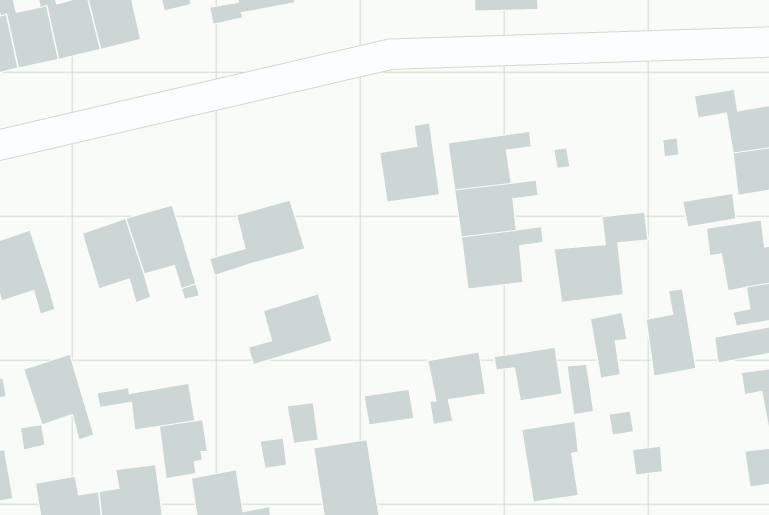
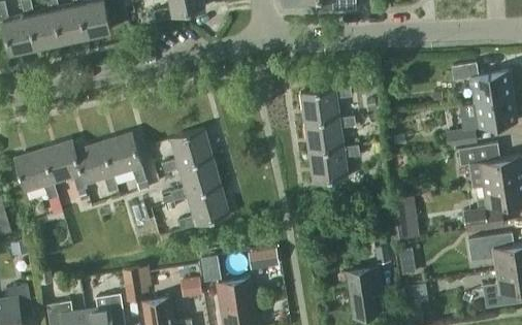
building: [380,123,440,202] -> none
building: [554,212,648,303] -> none
building: none -> [169,160,221,202]
building: [646,289,696,376] -> none
building: [494,347,562,401] -> none
building: [428,352,486,424] -> none
building: [23,354,94,440] -> [43,139,87,192]
building: [97,383,195,430] -> none

